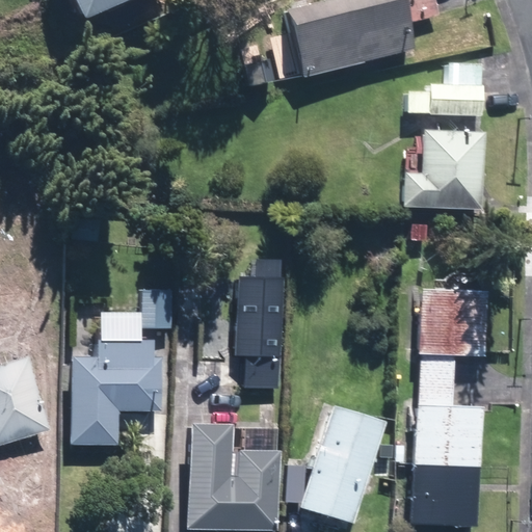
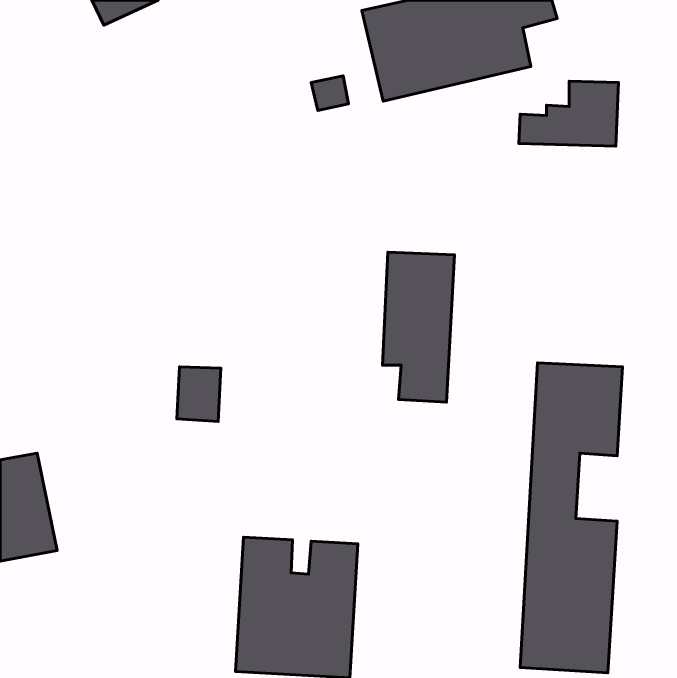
building: [403,127,484,209] -> none
building: [230,272,286,390] -> [383,252,454,402]
building: [71,336,161,441] -> none
building: [285,402,387,524] -> none

